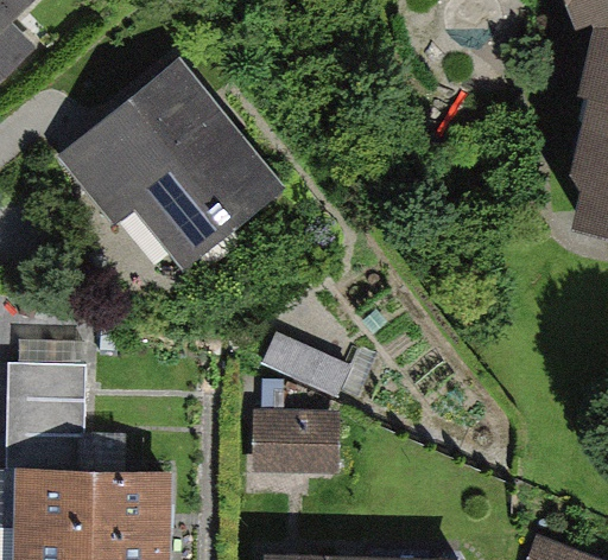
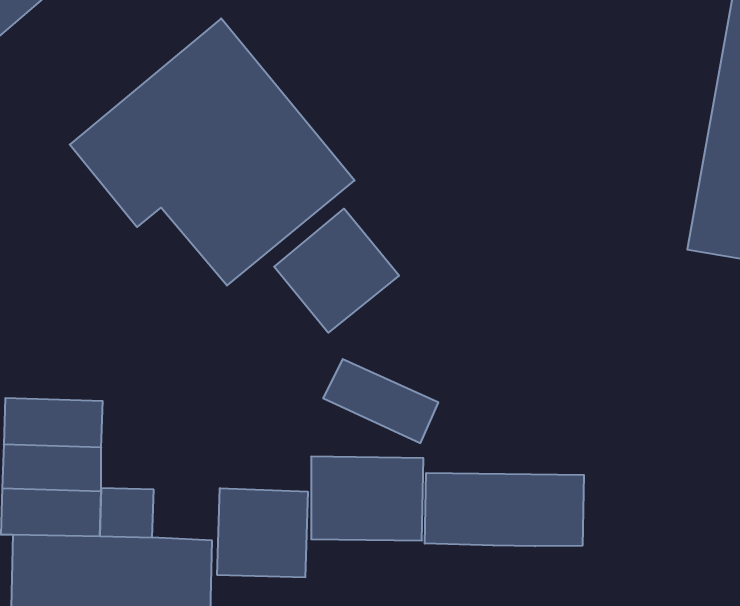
building: none -> [274,209,399,333]
building: none -> [425,473,584,546]
building: none -> [217,488,308,577]

